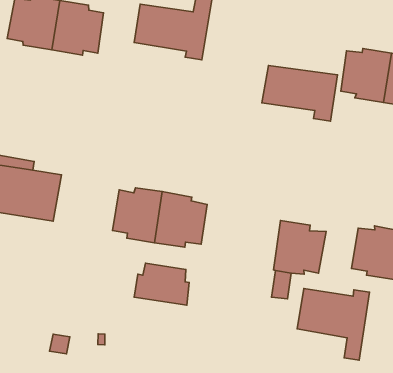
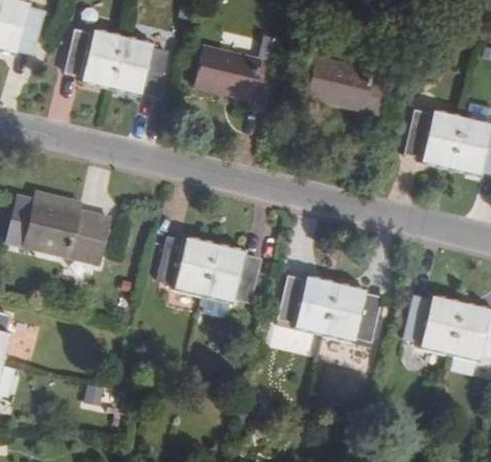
building: [262,65,338,121] -> [306,59,387,121]
building: none -> [278,276,333,333]
building: [134,263,189,305] -> none
building: [297,288,370,360] -> none

